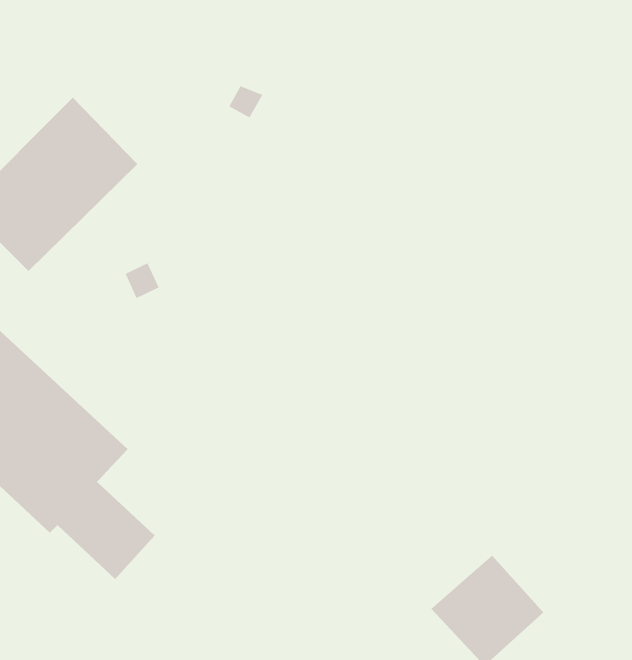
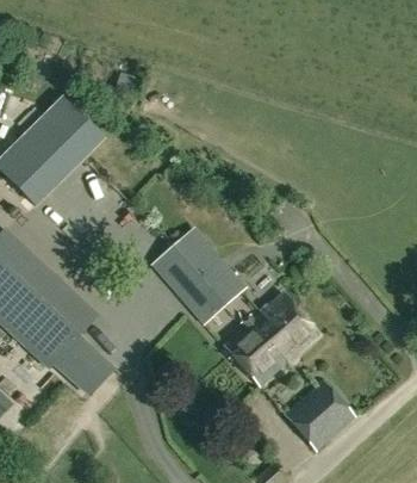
building: none -> [153,229,244,322]
building: none -> [224,292,319,386]

